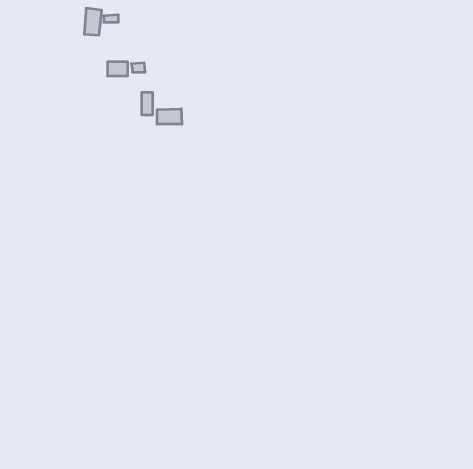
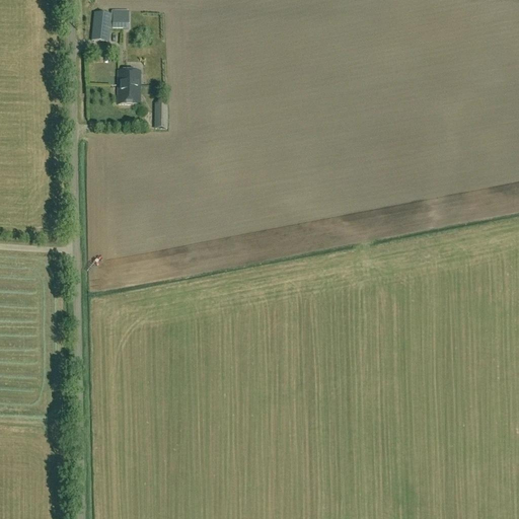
building: none -> [118,83,140,102]
building: [157,109,182,124] -> none

